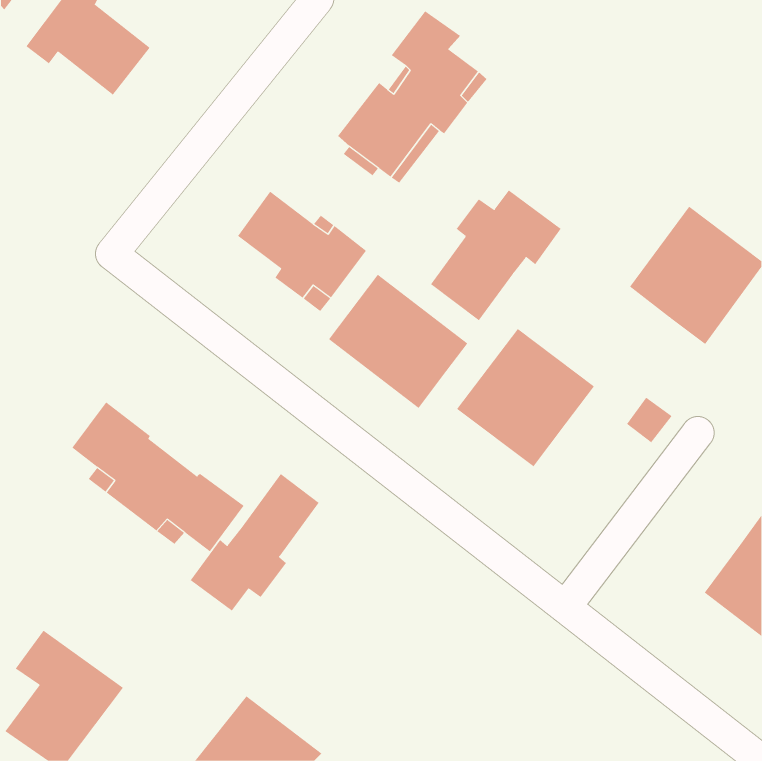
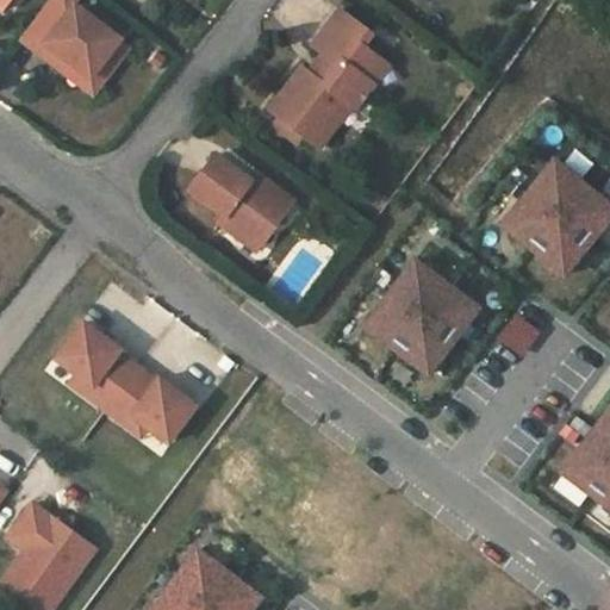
building: none -> [39,38,130,93]
building: [430,190,561,321] -> none
building: [328,274,468,409] -> none
building: [190,473,320,611] -> none

